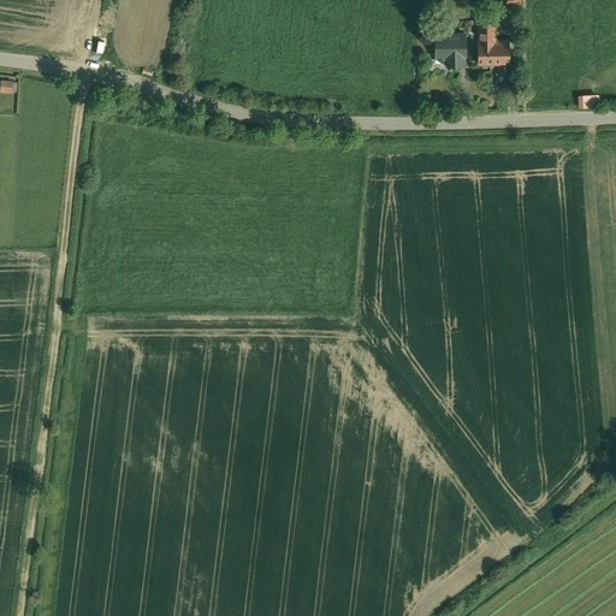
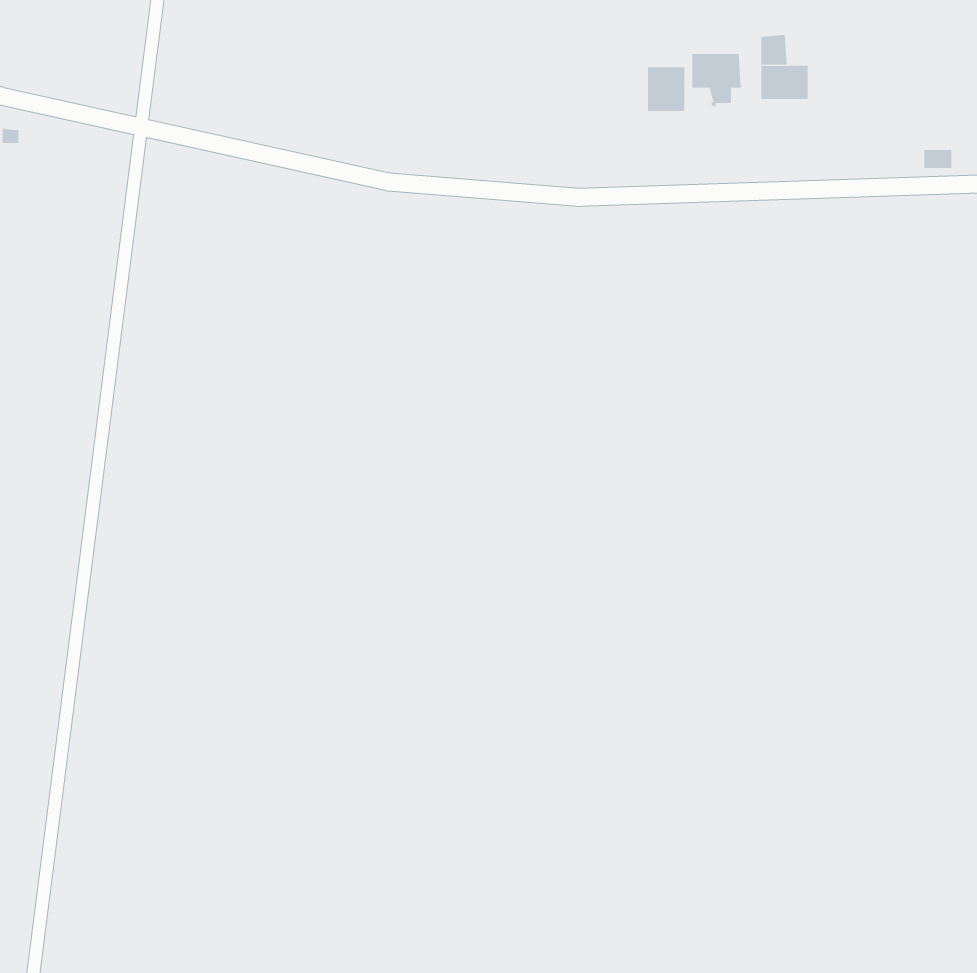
building: none -> [648,66,685,112]

